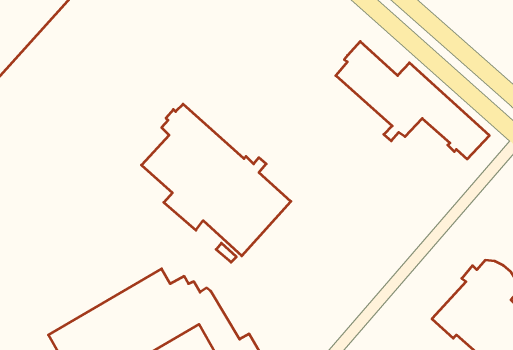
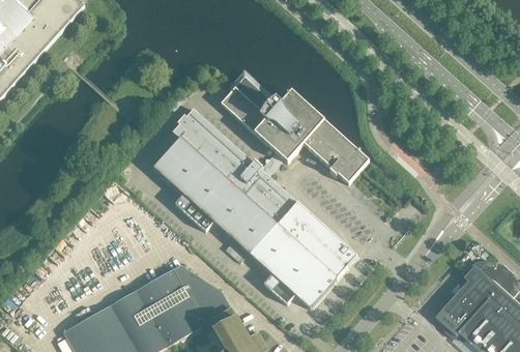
building: [336,41,489,159] -> [221,70,370,184]
building: none -> [251,203,357,309]

